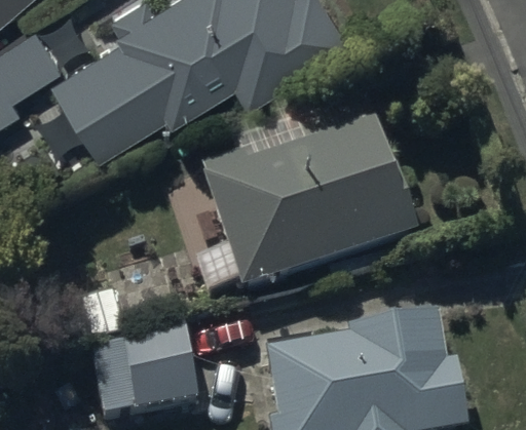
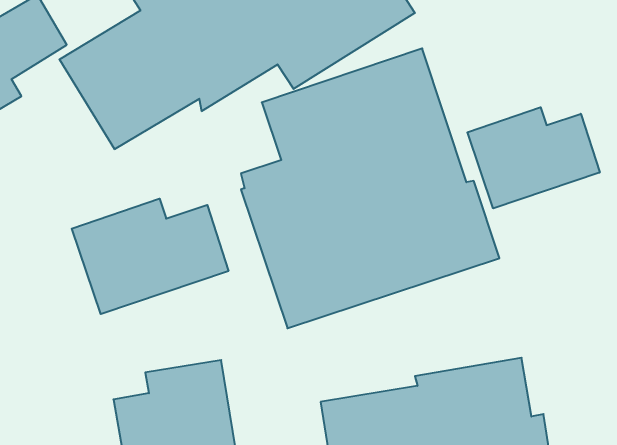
building: none -> [467,107,600,208]
building: none -> [72,199,228,314]

